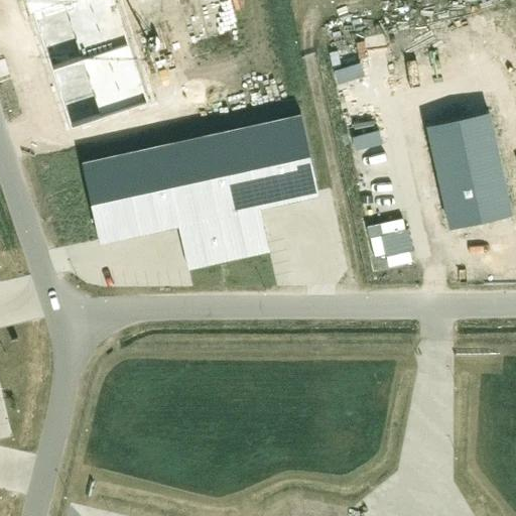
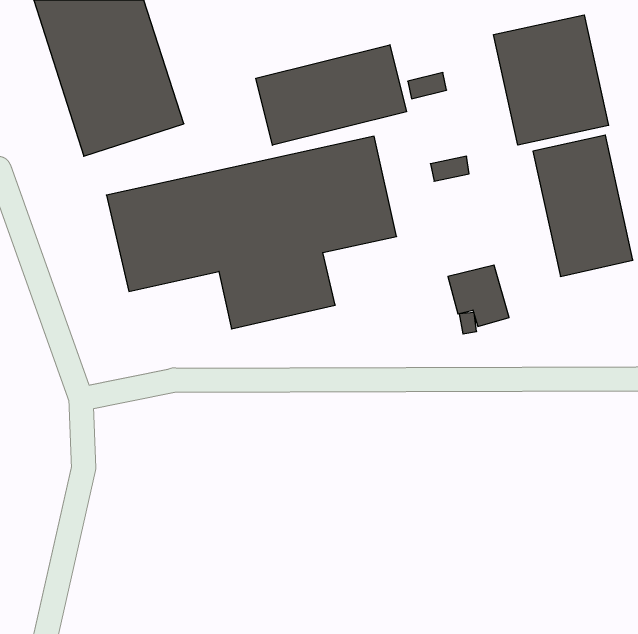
building: none -> [494,15,609,145]
building: none -> [256,45,406,145]

